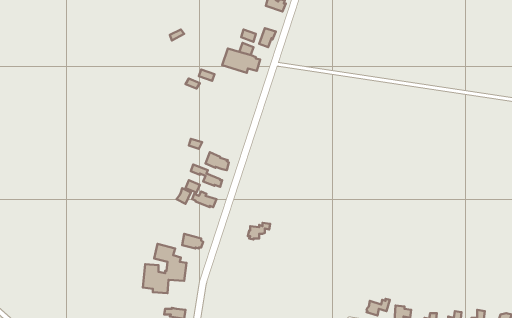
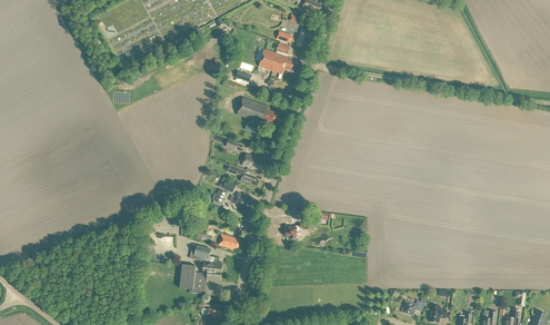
building: none -> [236,97,278,132]

